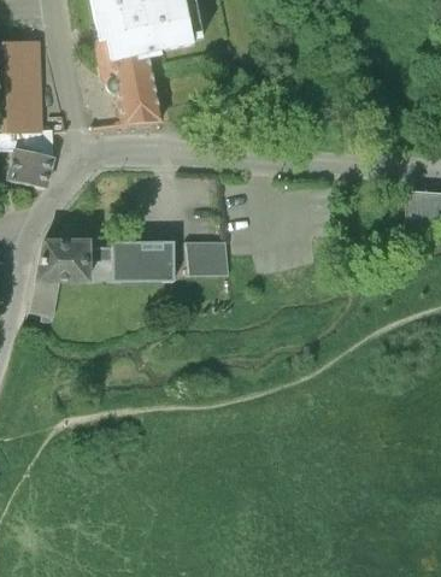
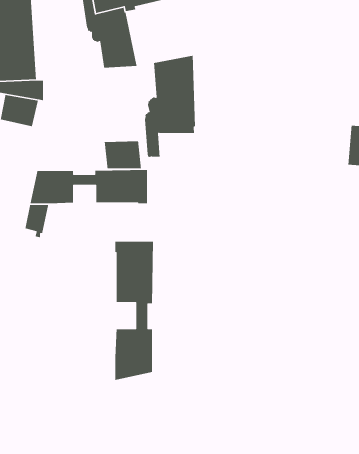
building: none -> [144,55,196,158]
building: [187,240,231,273] -> [104,140,142,169]
building: none -> [115,241,154,381]

